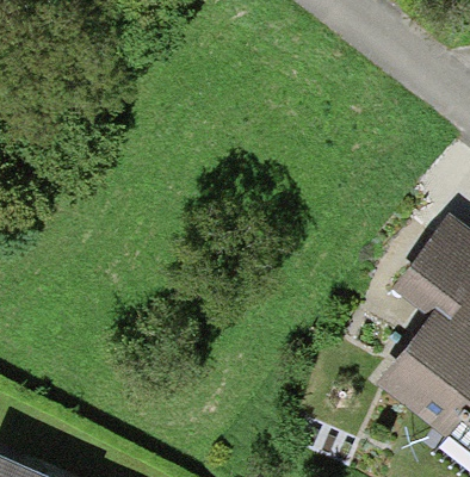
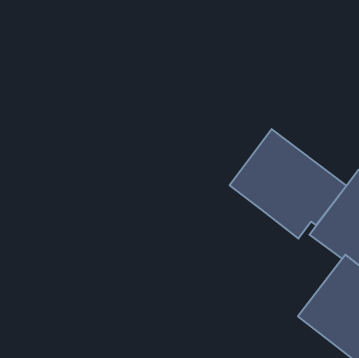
building: none -> [230,129,347,239]

